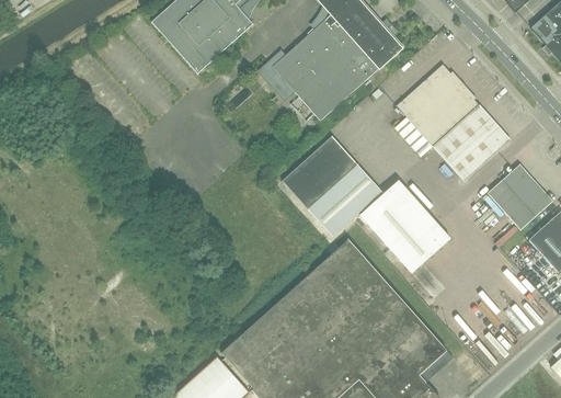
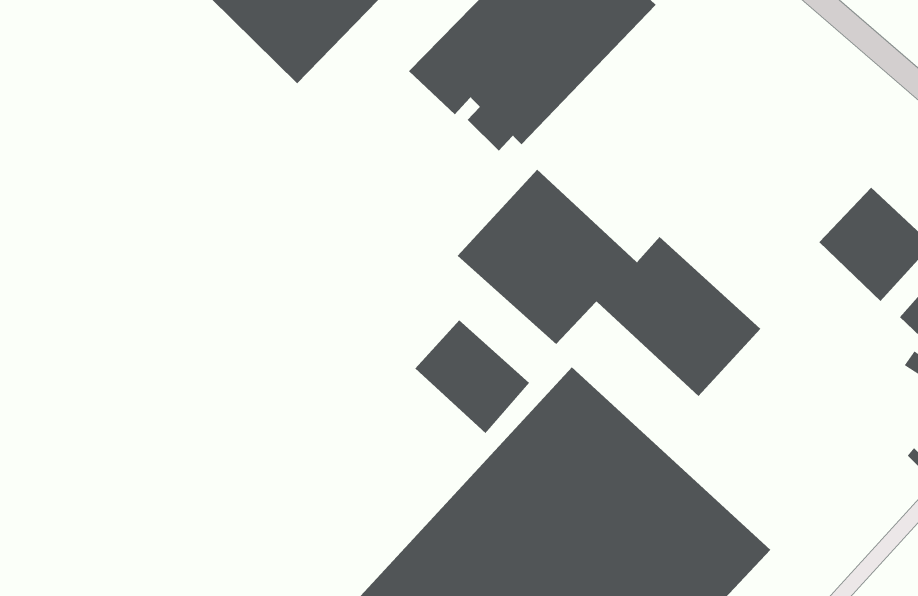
building: [394,61,510,179] -> none
building: none -> [414,320,530,434]

